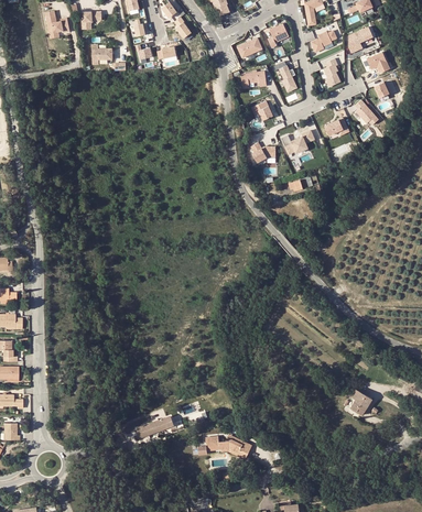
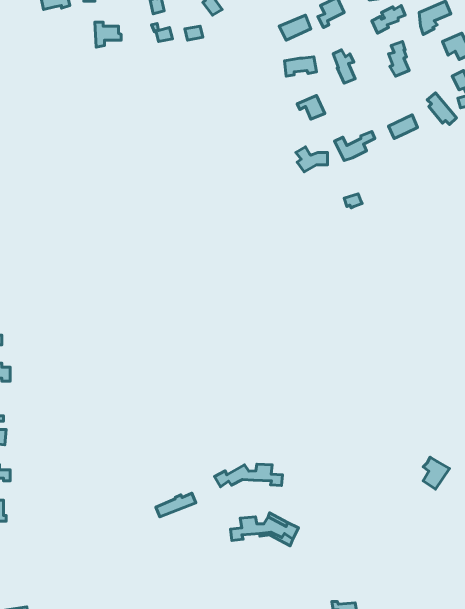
building: none -> [214,464,282,487]

